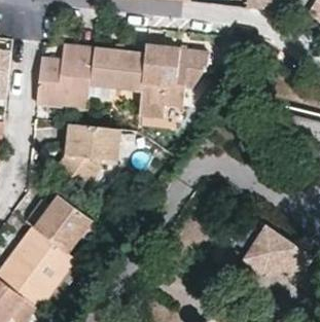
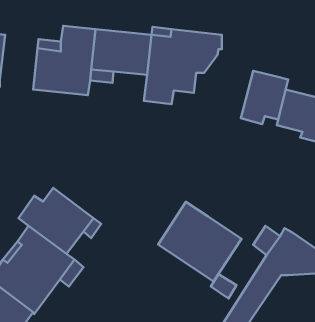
building: none -> [241,71,288,124]
building: [56,121,118,186] -> none
building: none -> [158,202,241,282]

